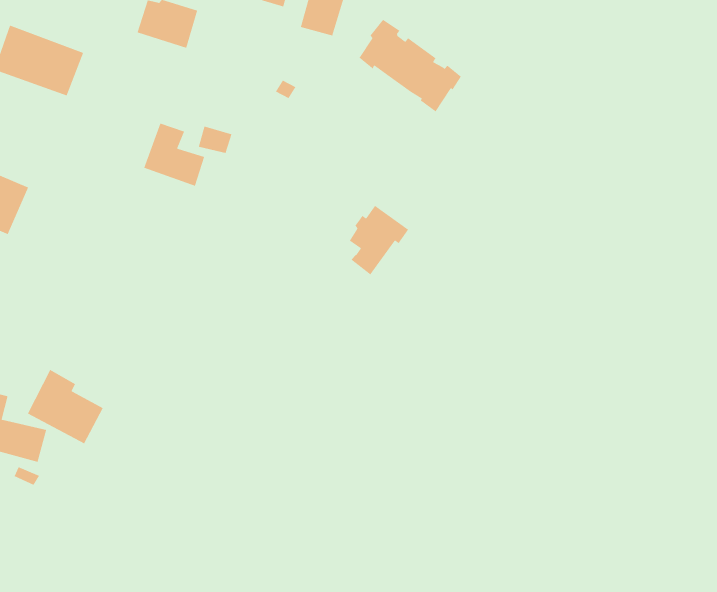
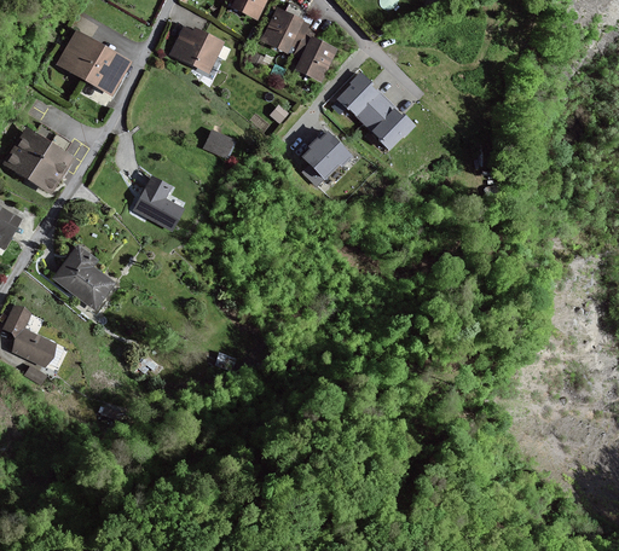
building: [143,122,205,187] -> [134,178,183,231]
building: [349,205,409,276] -> [302,133,351,186]
building: [27,369,104,445] -> [54,246,114,308]

